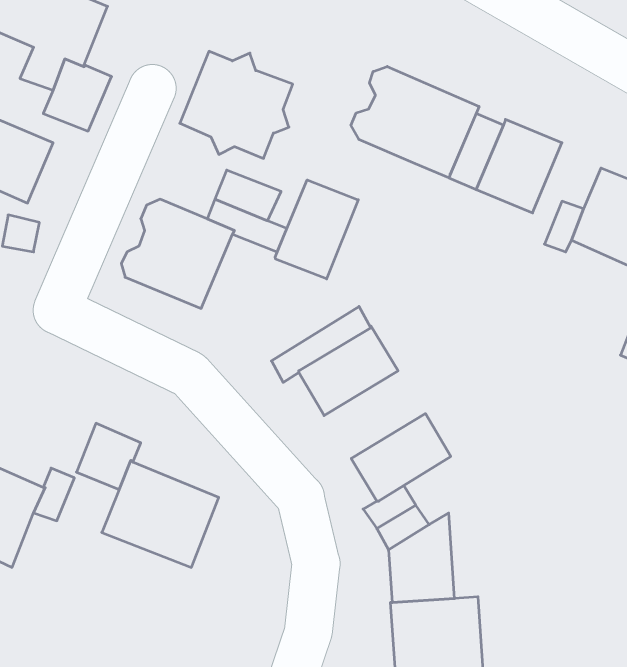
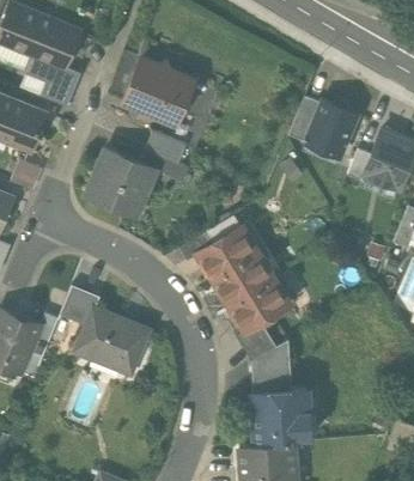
building: [351,66,479,178] -> none
building: [275,180,358,279] -> none
building: none -> [212,254,274,308]

